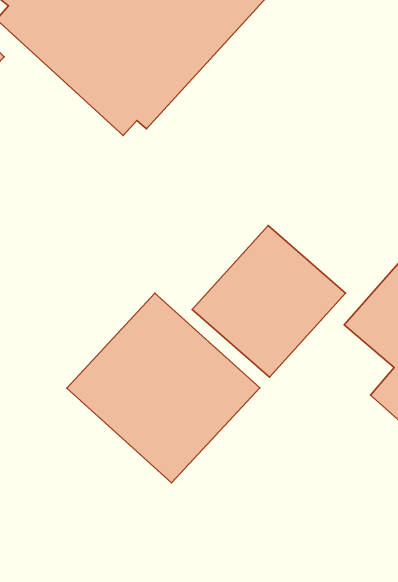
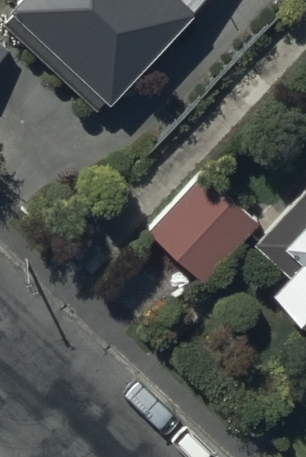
building: [67,293,260,483] -> none

